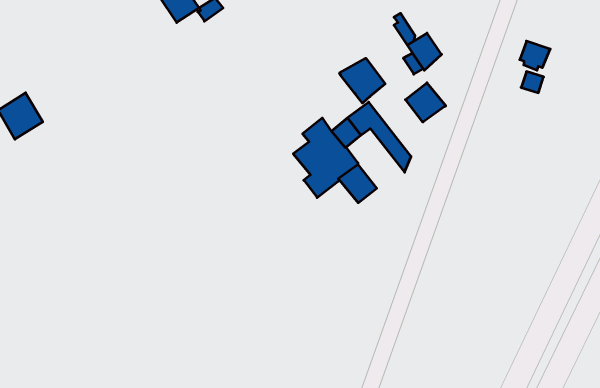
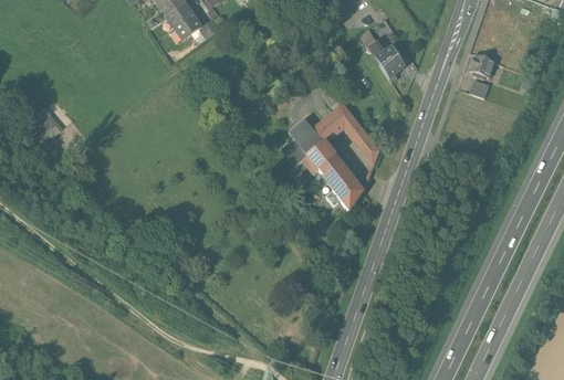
building: [340,58,385,103] -> none
building: [405,83,446,122] -> none
building: none -> [325,175,363,210]

